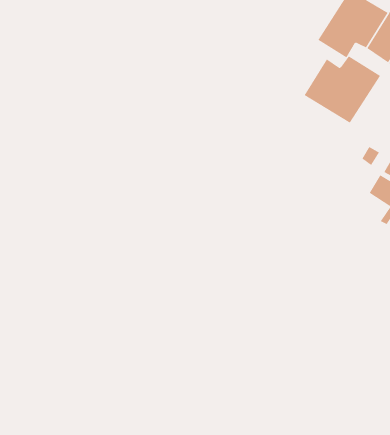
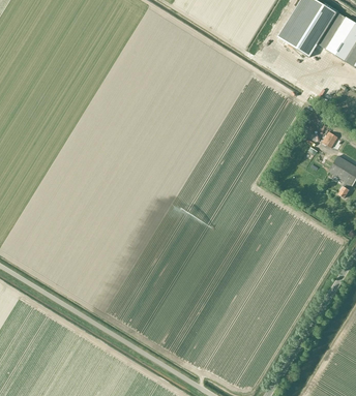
building: [304,55,381,124] -> none

